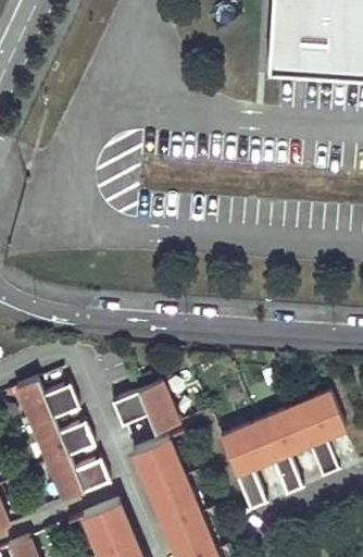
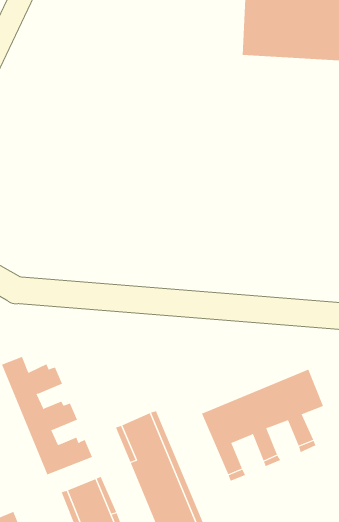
building: [111,382,178,433] -> none

